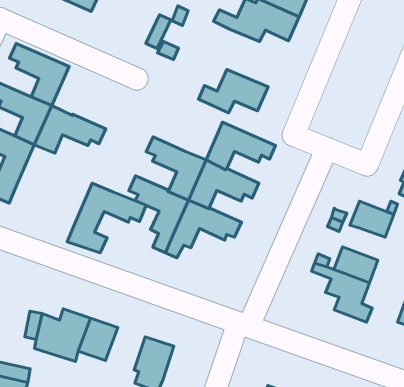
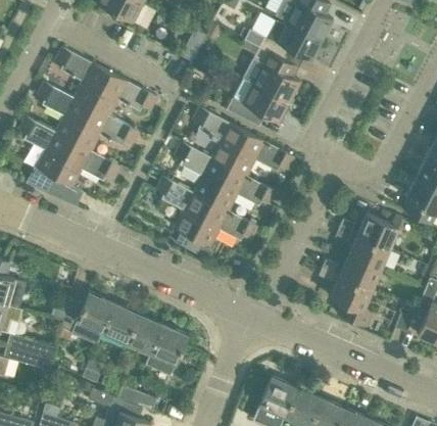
building: none -> [254,47,301,102]
building: none -> [92,72,158,116]
building: none -> [194,106,247,165]
building: [67,183,146,253] -> [47,141,122,205]
building: none -> [349,234,389,268]
building: none -> [126,314,163,353]

